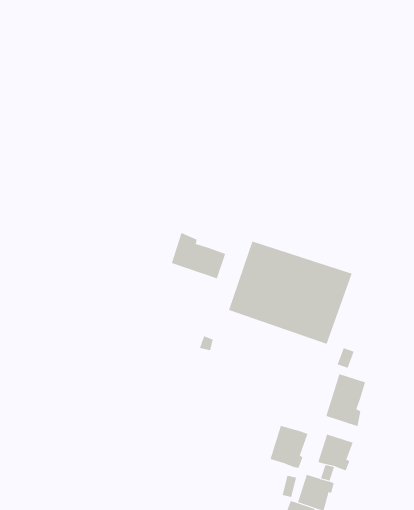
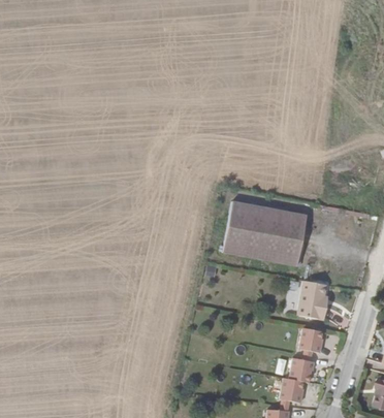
building: [171,232,226,279] -> none
building: [270,425,308,468] -> none

